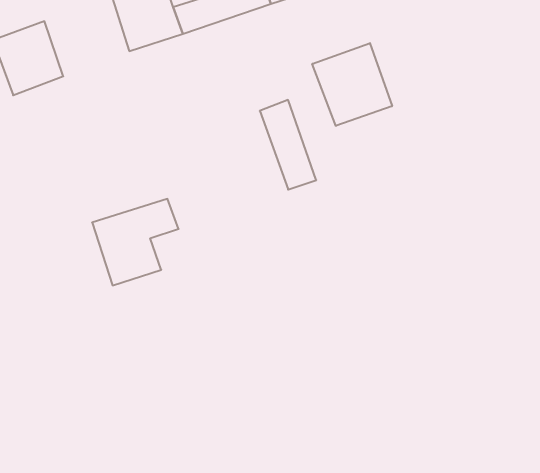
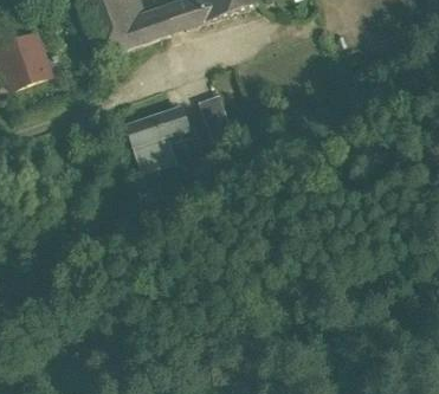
building: [312,43,392,126] -> none
building: [92,199,179,285] -> [124,105,189,170]

